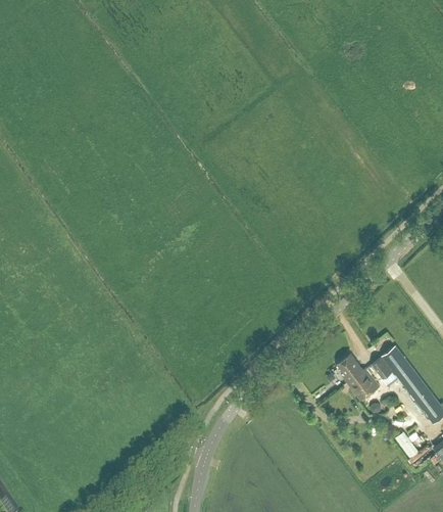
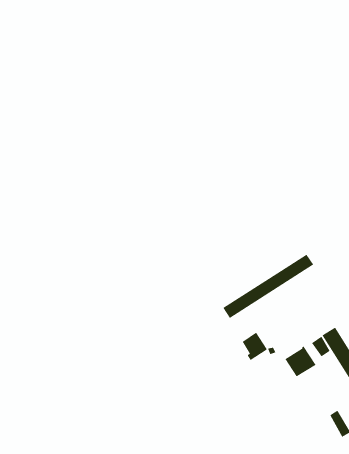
building: none -> [222,254,315,319]
building: [337,354,363,383] -> [242,332,267,361]

